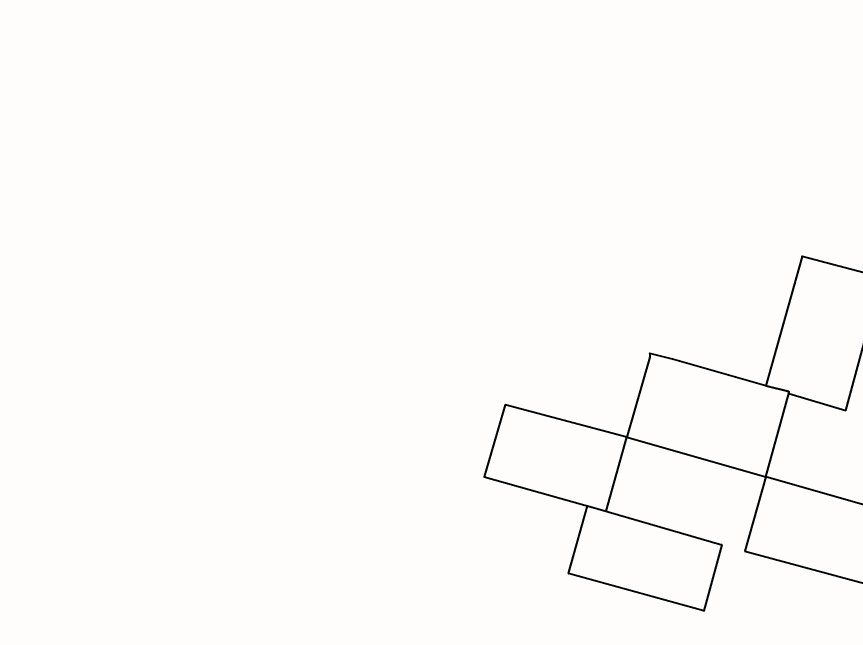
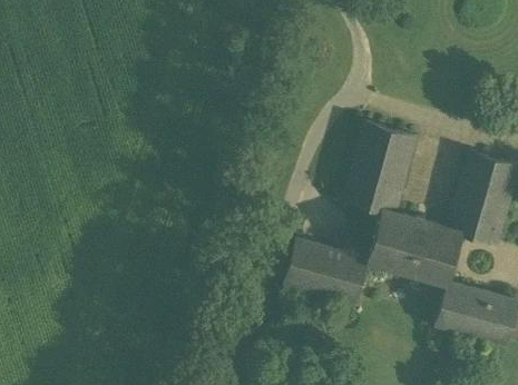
building: none -> [343,124,417,214]
building: [569,506,722,611] -> none

